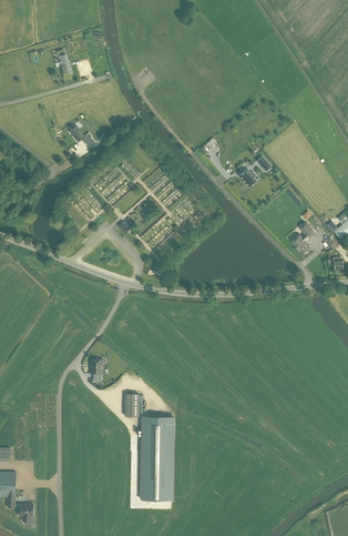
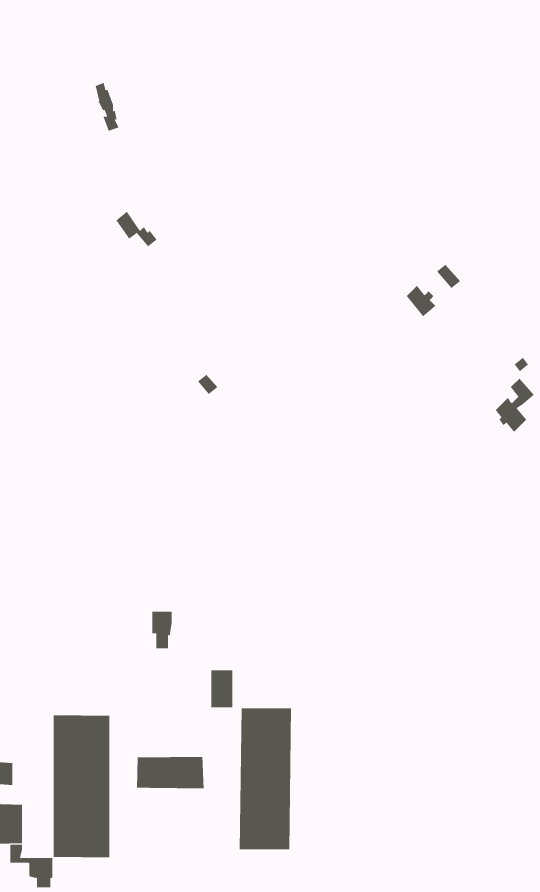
building: none -> [53,715,110,858]
building: none -> [137,756,204,789]

